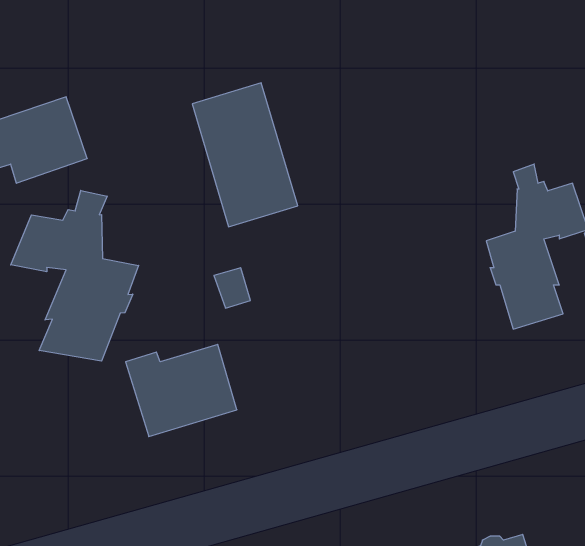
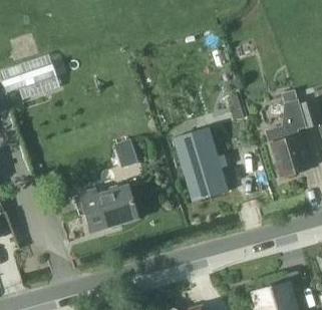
building: [192,83,298,227] -> [173,126,228,202]
building: [11,190,139,361] -> none

